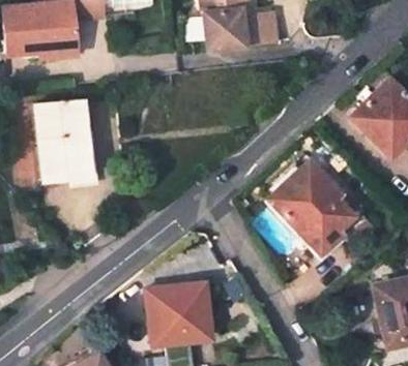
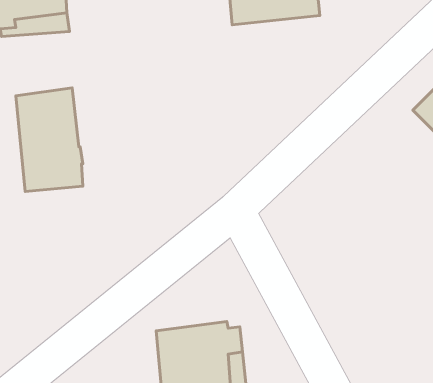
building: [268,163,352,254] -> none

